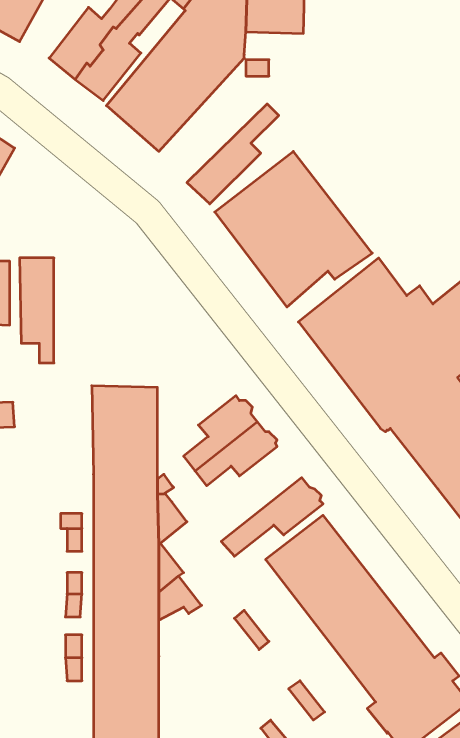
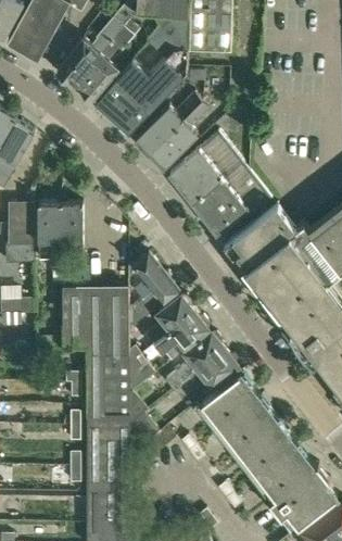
building: none -> [136,93,202,153]
building: none -> [61,203,87,347]
building: none -> [134,254,177,326]
building: none -> [165,332,225,391]

